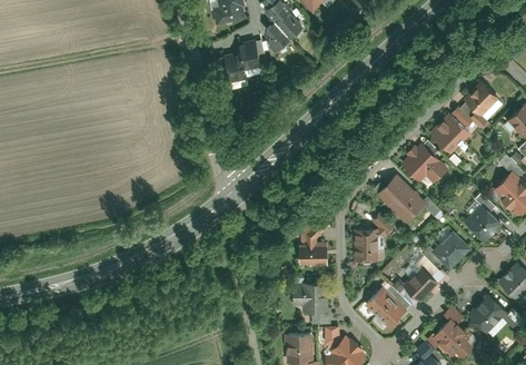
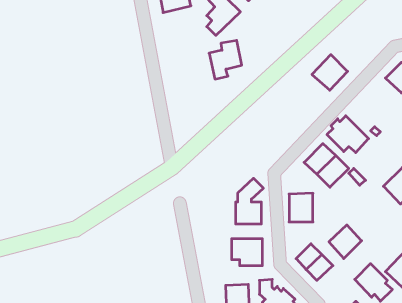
building: [225,40,261,83] -> [209,40,242,79]
building: [429,115,469,155] -> [312,55,348,90]
building: [431,231,472,272] -> none

